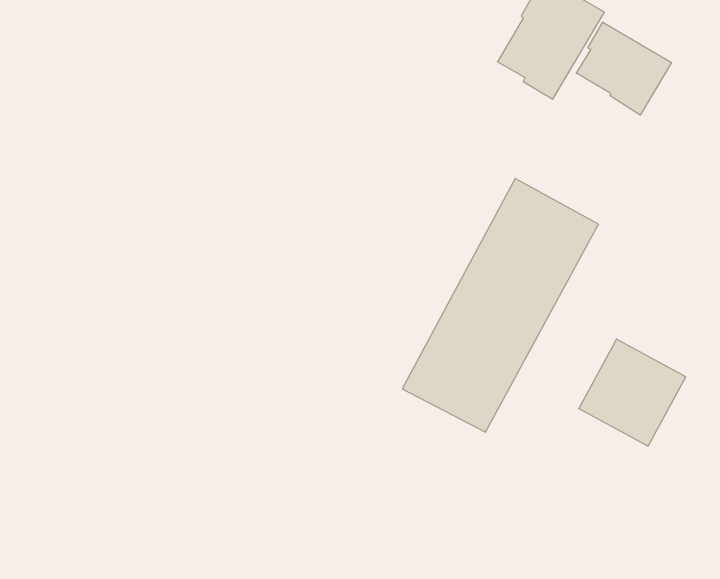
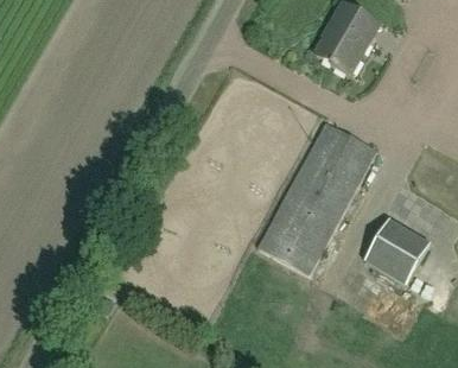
building: [576,22,672,115] -> none

